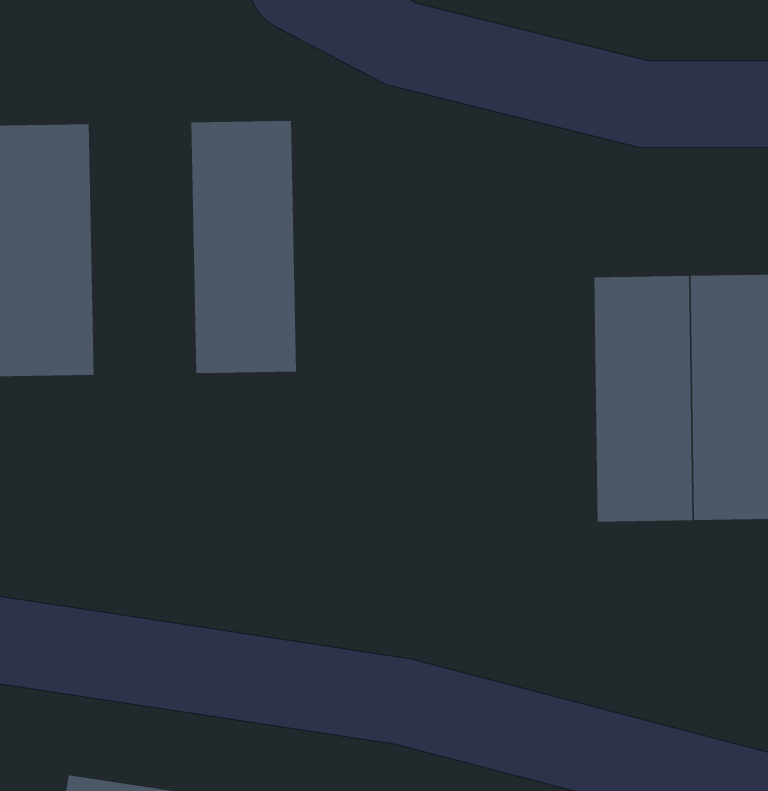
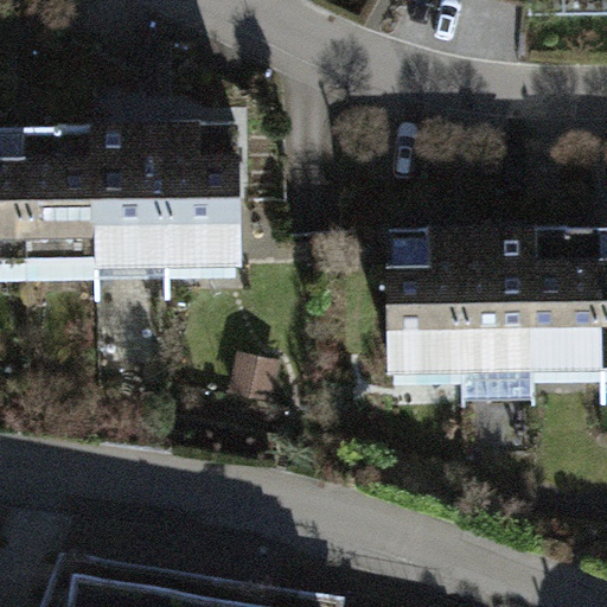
building: none -> [92,102,170,286]
building: none -> [389,215,461,394]

